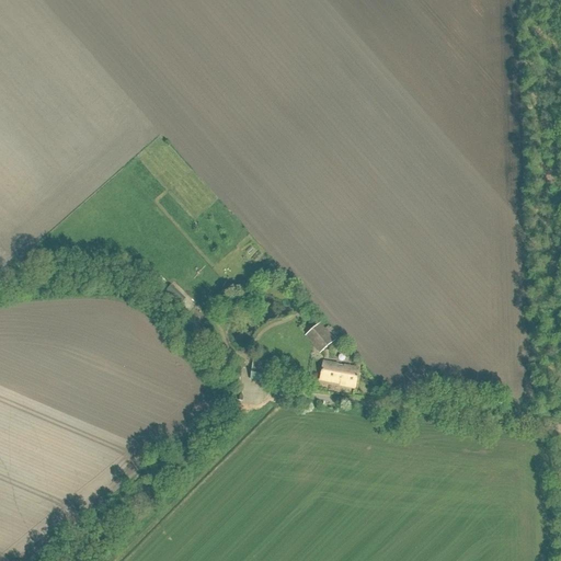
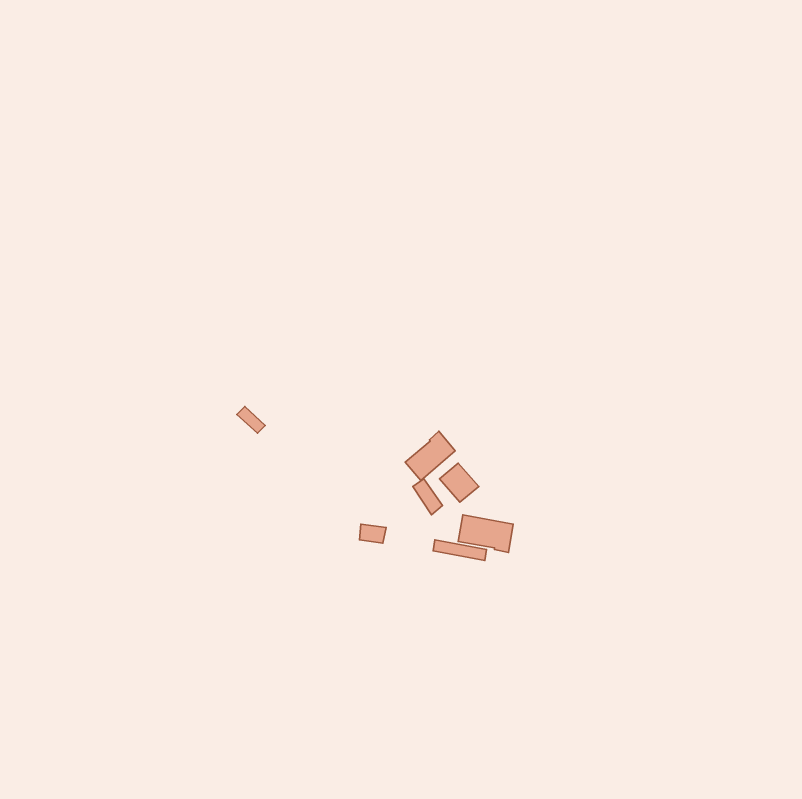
building: none -> [405,431,455,481]

